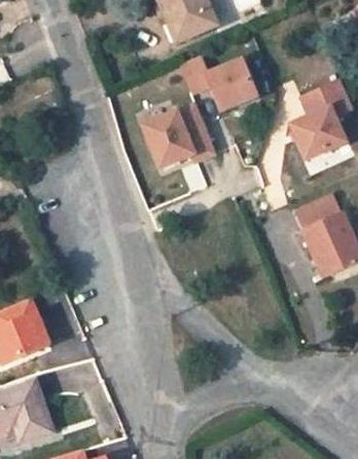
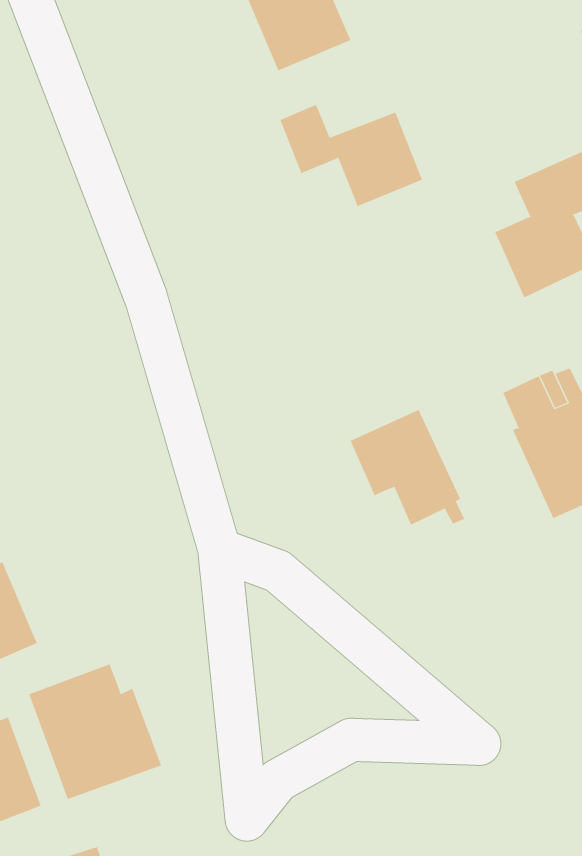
building: [141,106,214,168] -> none
building: none -> [350,409,465,525]
building: none -> [28,663,162,800]

